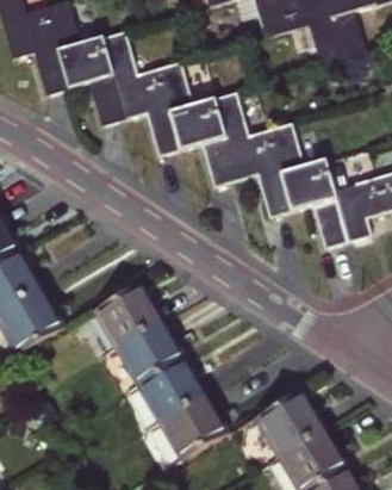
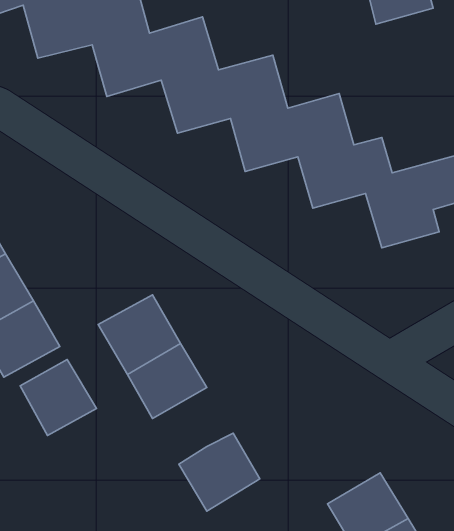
building: none -> [20,359,97,436]
building: [138,360,204,422] -> none
building: [257,390,323,454] -> none

